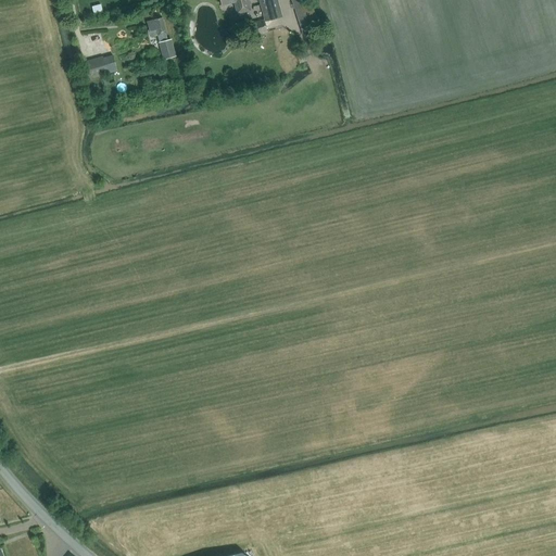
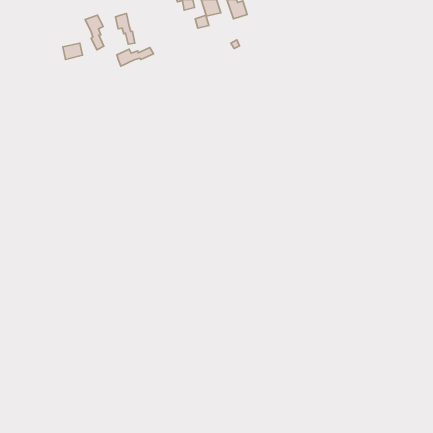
building: none -> [85,15,104,50]
building: none -> [117,48,153,66]

